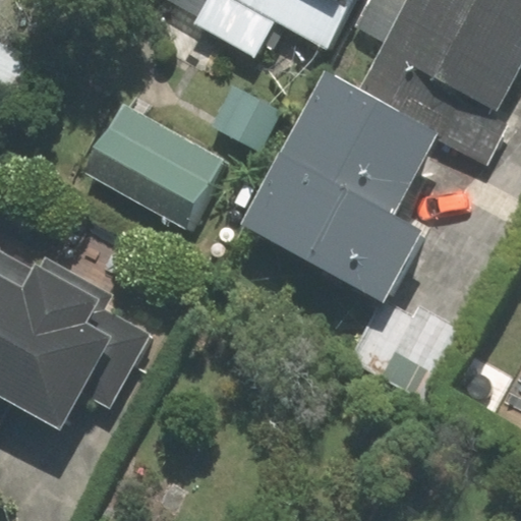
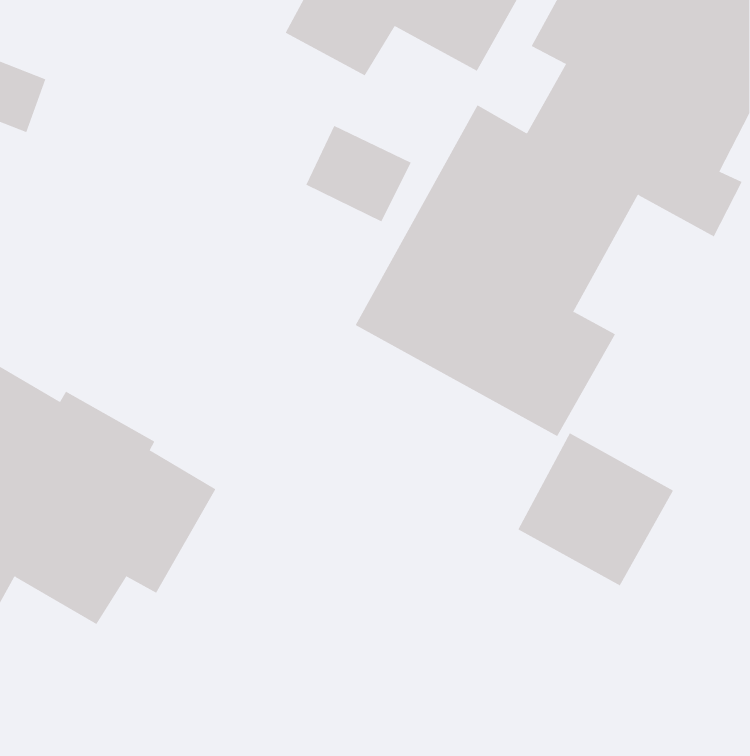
building: [91,109,229,232] -> none

